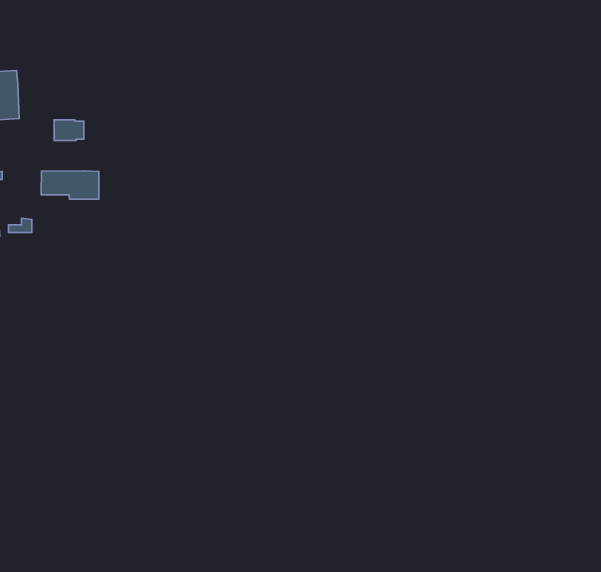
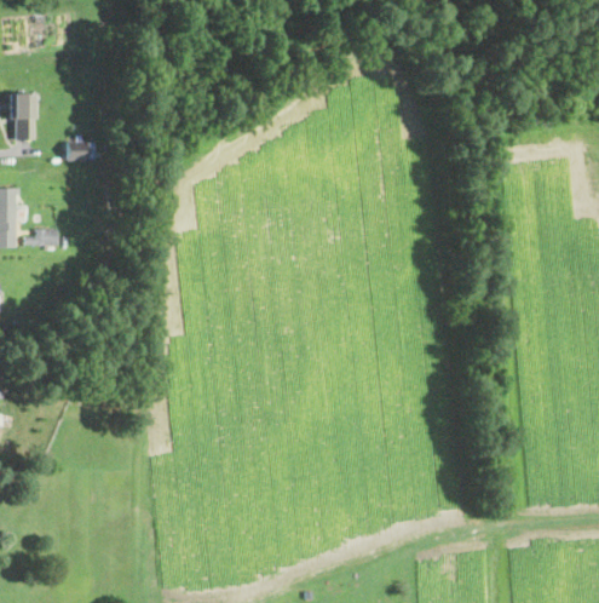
building: [41,171,99,199] -> none

